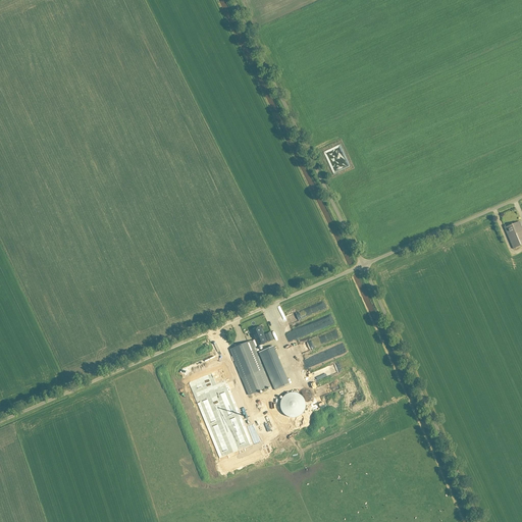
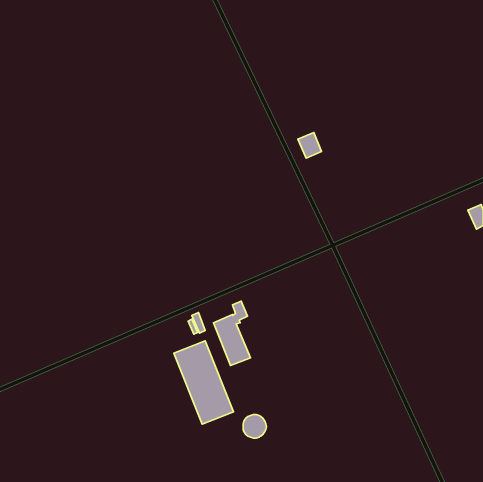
building: [259,345,290,388] -> none
building: [280,390,306,416] -> [243,414,267,438]

